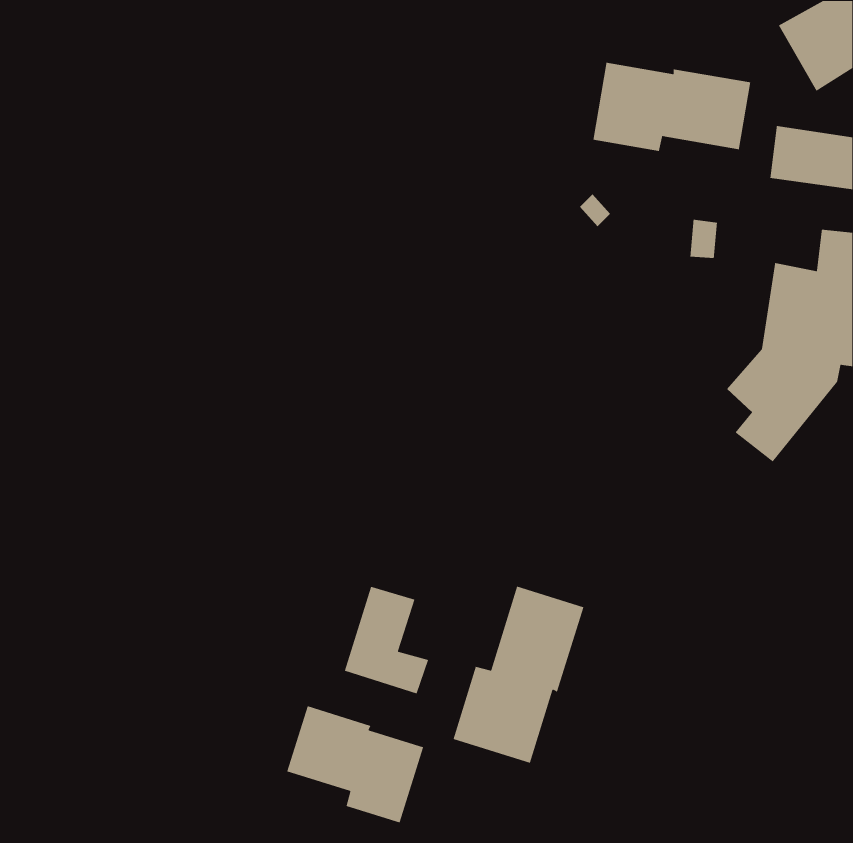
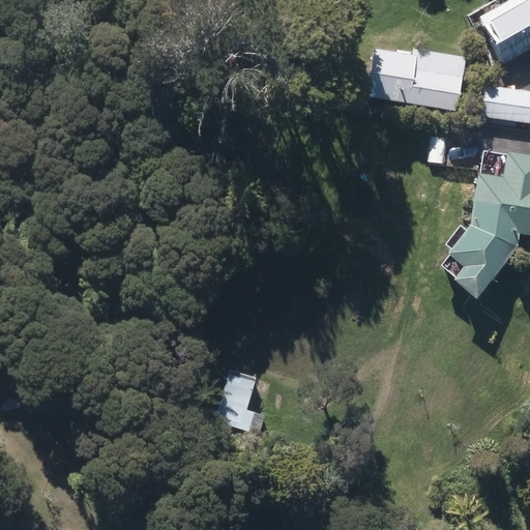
building: [452,585,585,764] -> none
building: [286,705,424,823] -> none

